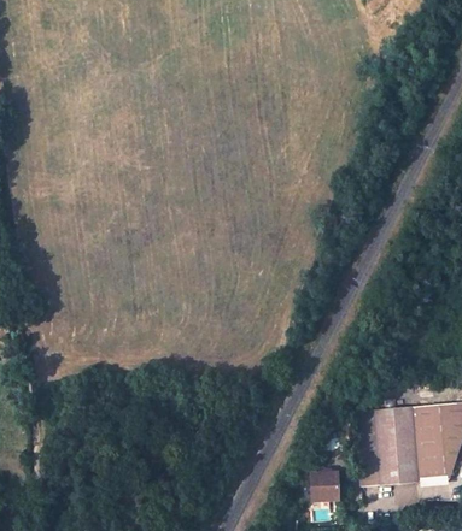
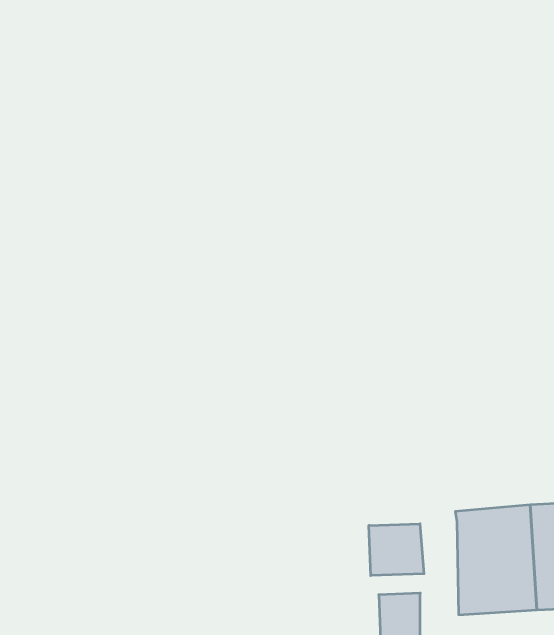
building: none -> [369,524,424,576]

